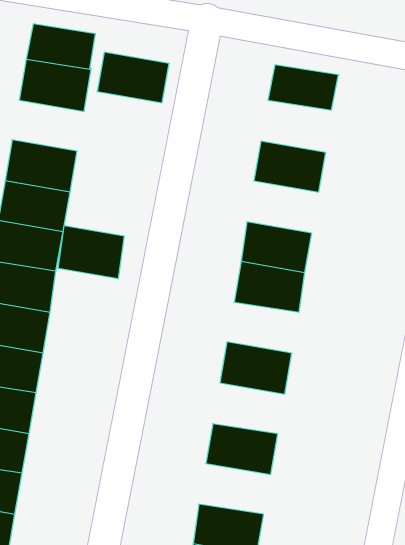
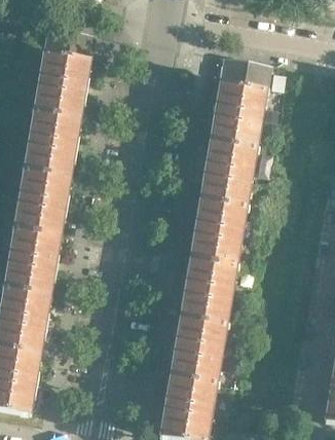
building: [97,52,169,103] -> [33,82,85,119]
building: none -> [214,82,266,120]
building: none -> [203,141,256,179]
building: [58,225,124,279] -> none
building: none -> [189,229,241,266]
building: none -> [179,288,231,325]
building: none -> [169,346,221,383]

